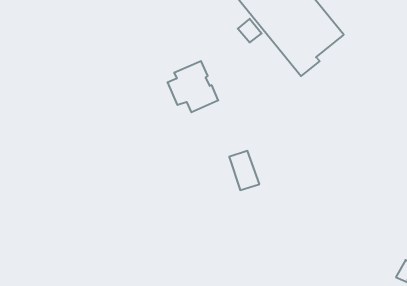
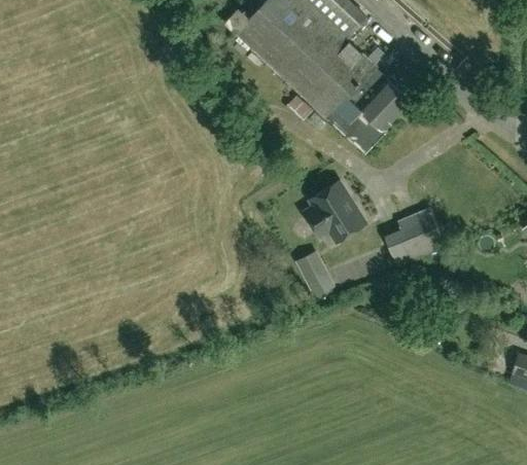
building: [167,61,218,112] -> [304,180,366,242]
building: none -> [386,208,447,267]

